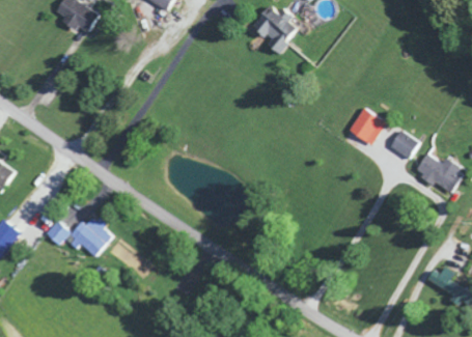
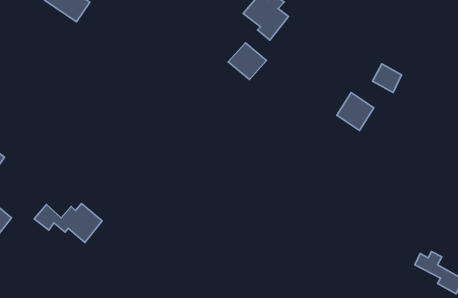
building: none -> [228,43,267,80]
building: [389,130,418,159] -> [373,64,401,92]
building: [415,153,463,191] -> none

